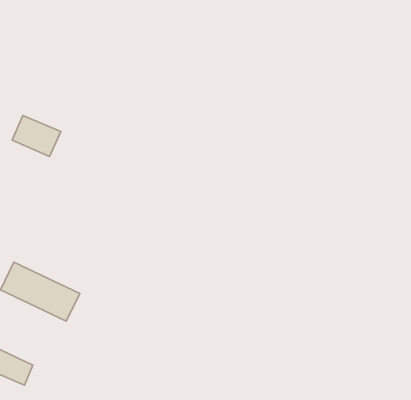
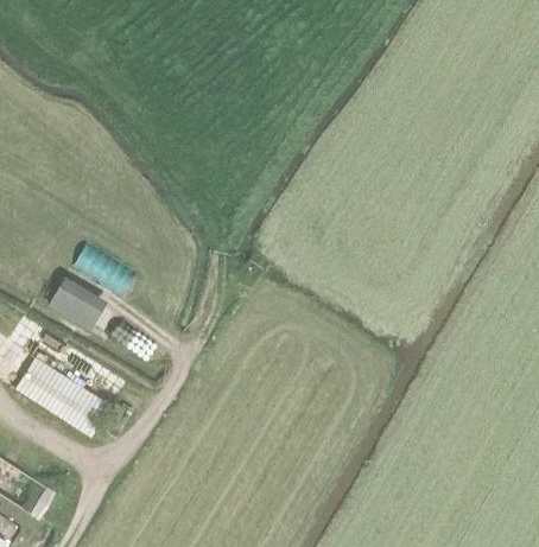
building: [12,115,61,156] -> [47,278,108,329]

